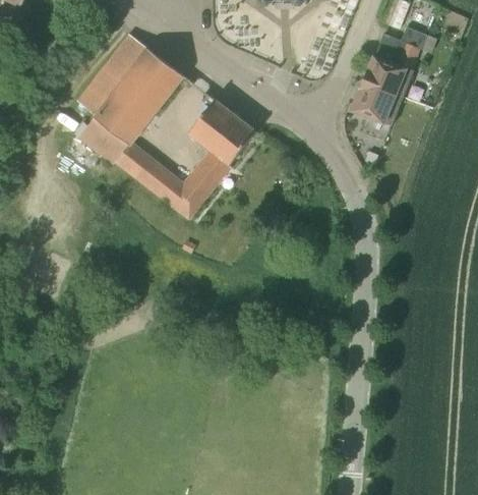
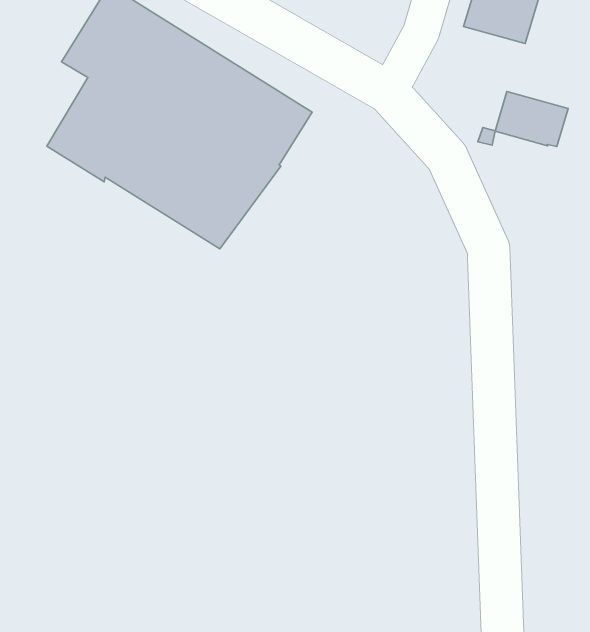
building: [350,85,400,124] -> [495,92,568,147]

